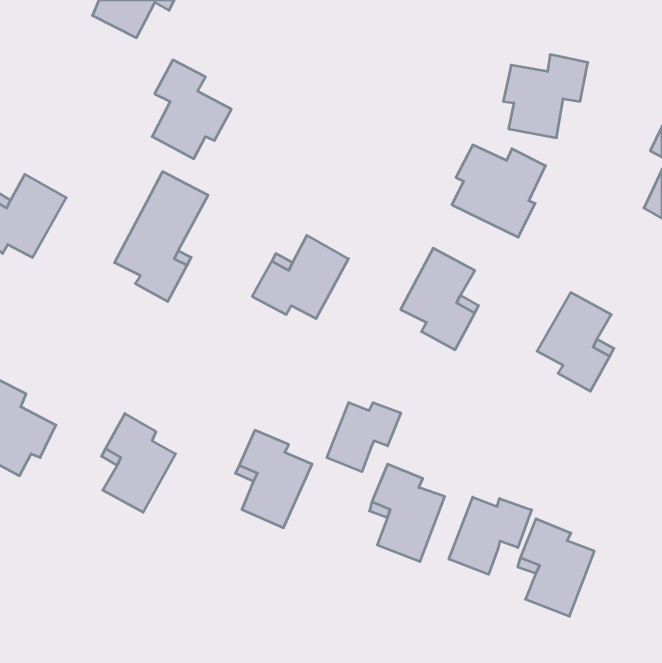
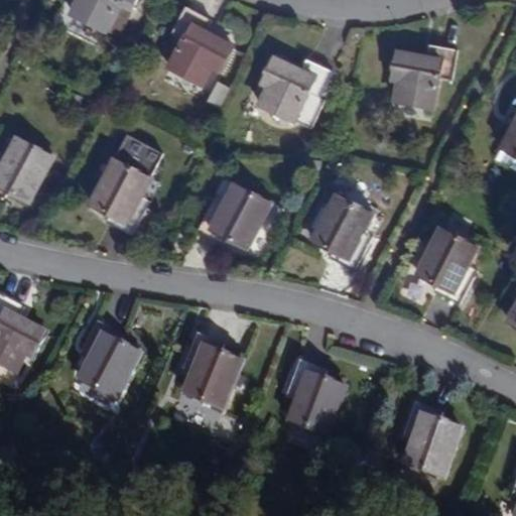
building: [152,60,231,159] -> [168,7,230,84]
building: [452,145,546,237] -> [257,55,330,127]
building: [327,402,401,472] -> none
building: [449,497,532,574] -> none

